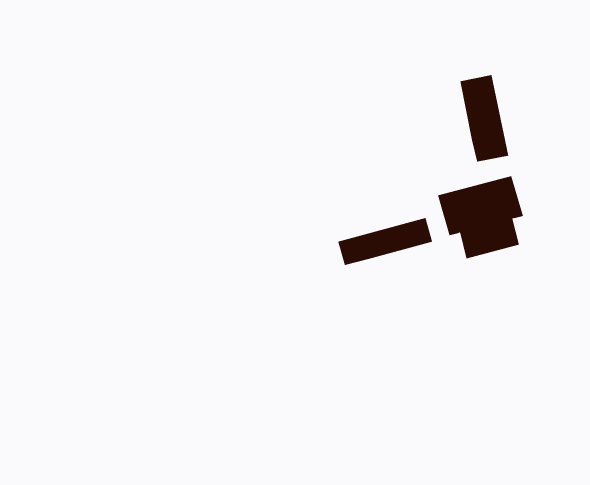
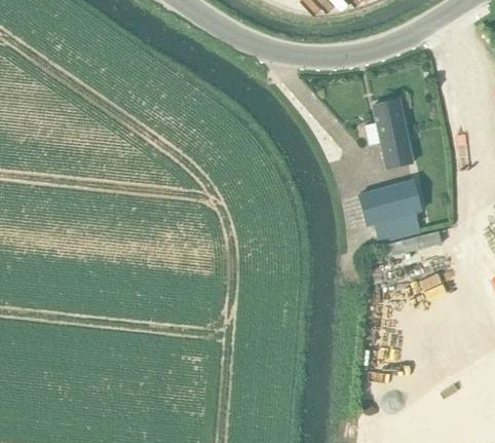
building: [338,217,433,266] -> none

